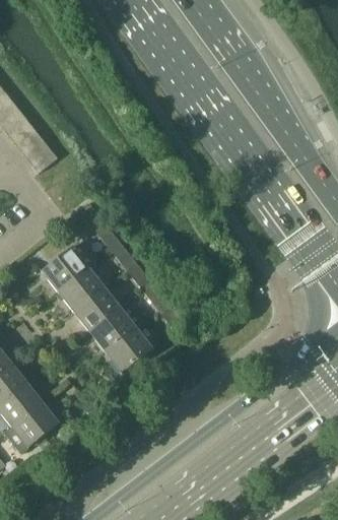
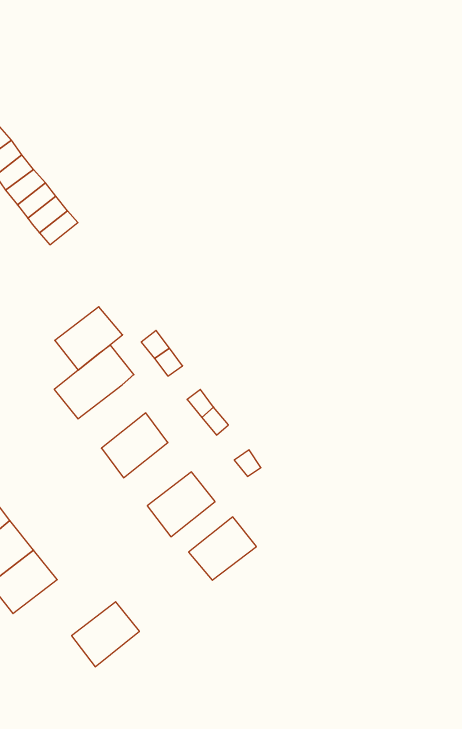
building: [57,267,104,311] -> [55,307,123,370]
building: [88,307,135,350] -> [189,517,256,580]
building: [12,401,59,446] -> [72,602,139,667]

